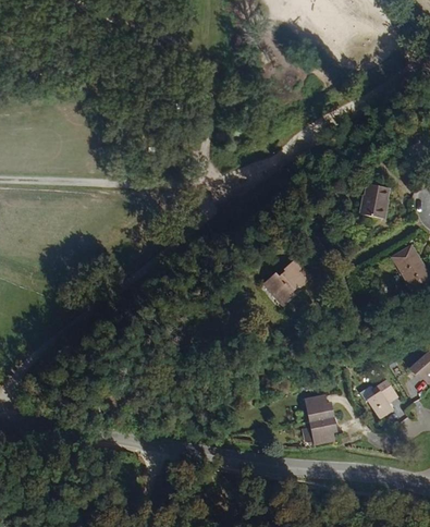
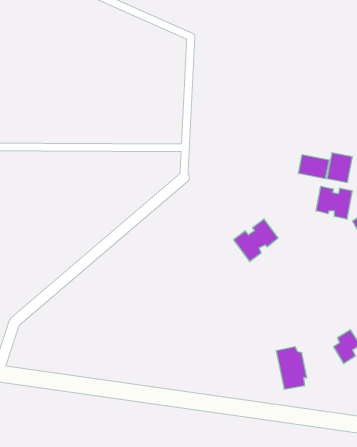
building: none -> [298,155,329,179]
building: none -> [316,186,352,219]

